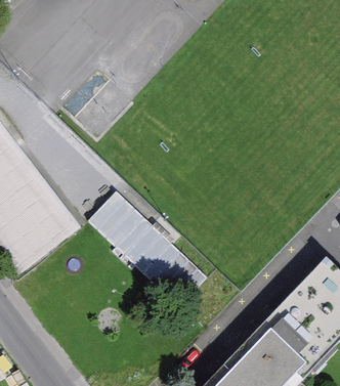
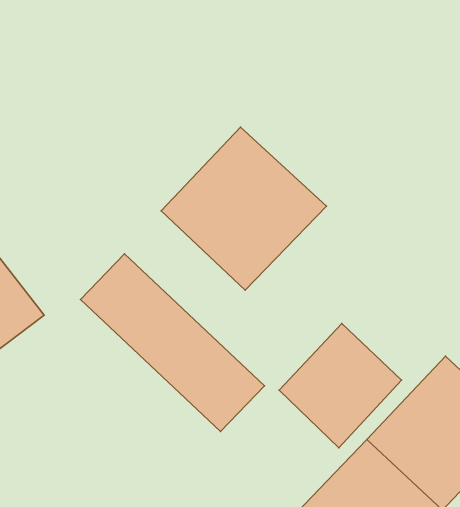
building: none -> [161,127,326,290]
building: none -> [279,324,401,448]

